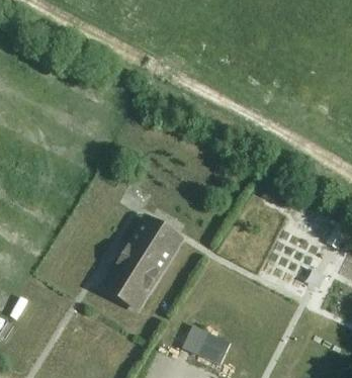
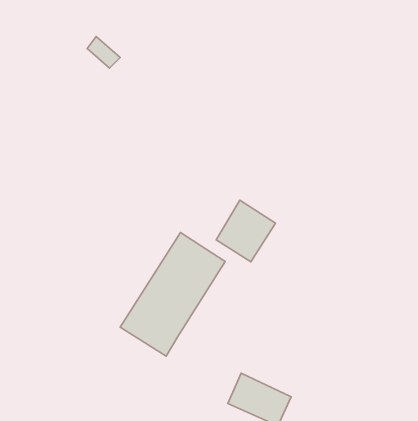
building: none -> [216,200,275,262]

